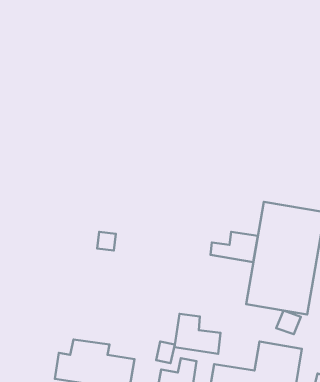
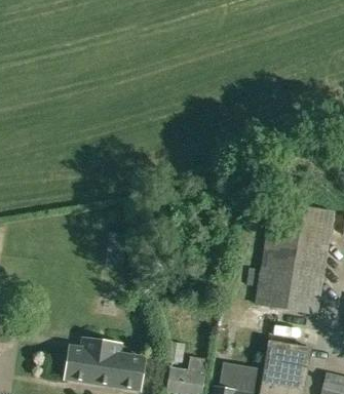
building: [211,232,258,262] -> none
building: [174,314,220,354] -> none

